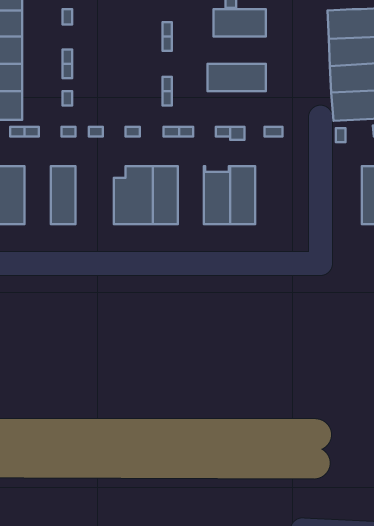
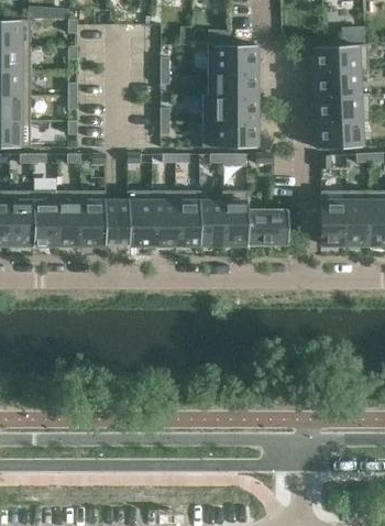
building: none -> [202,70,256,96]
building: none -> [202,121,256,147]
building: none -> [33,190,57,244]
building: none -> [80,190,116,244]
building: none -> [175,190,199,244]
building: none -> [246,190,287,244]
building: none -> [321,190,345,244]

